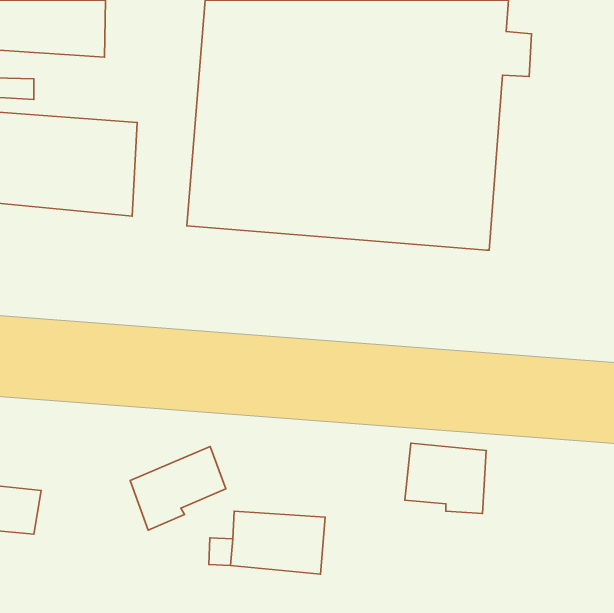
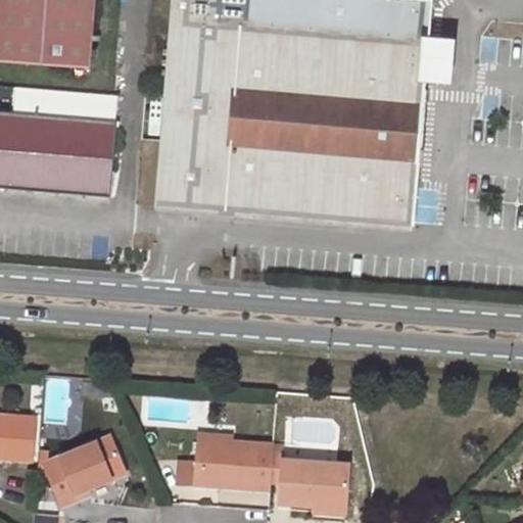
building: [405,443,486,514] -> [277,454,345,513]
building: [130,446,226,530] -> [42,439,123,510]

